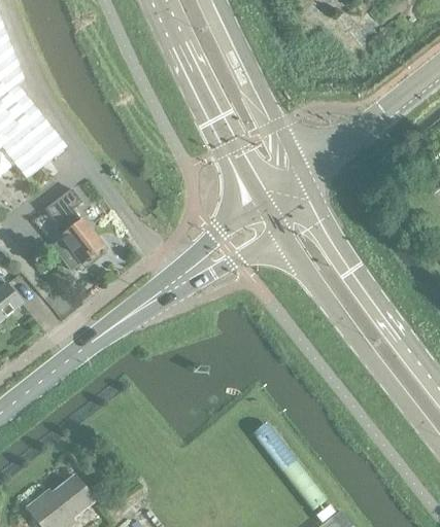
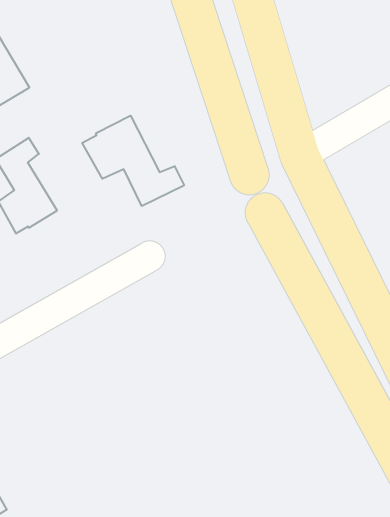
building: none -> [82,116,184,206]

